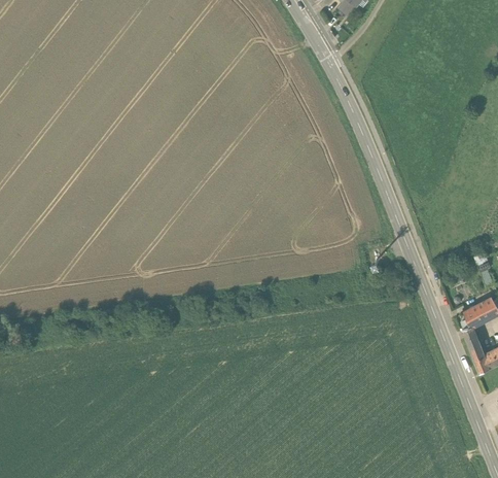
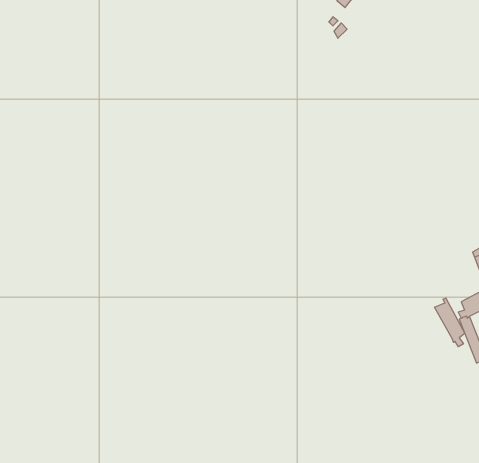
building: none -> [435,298,465,347]

